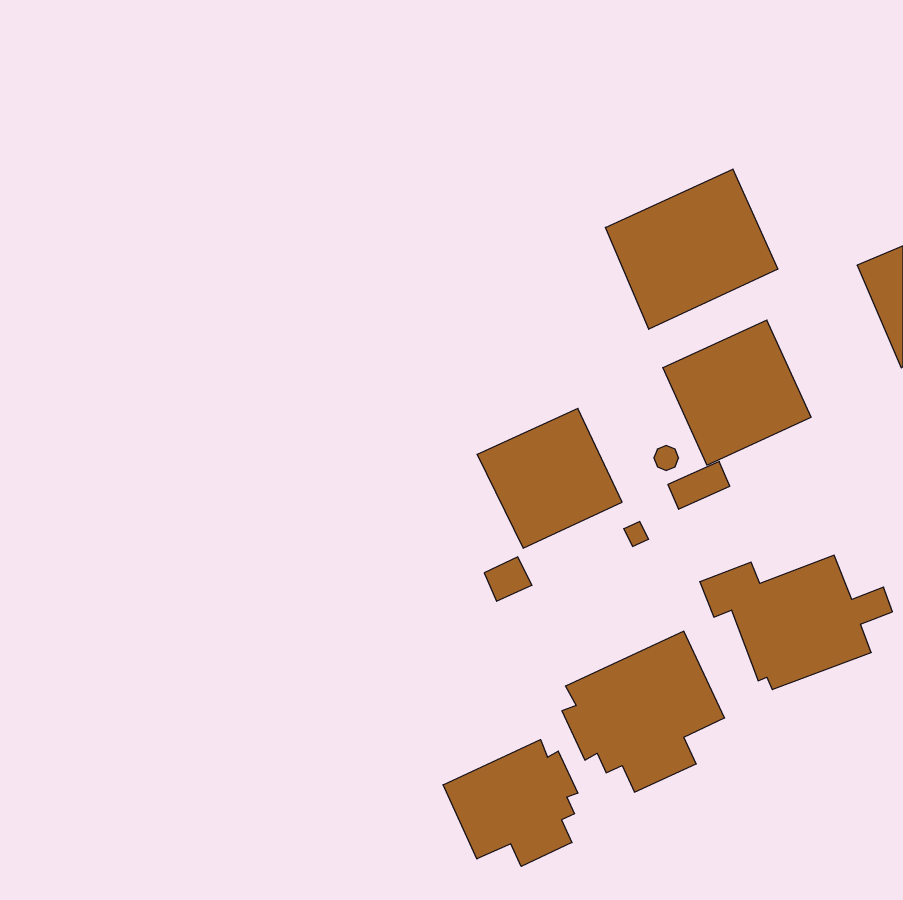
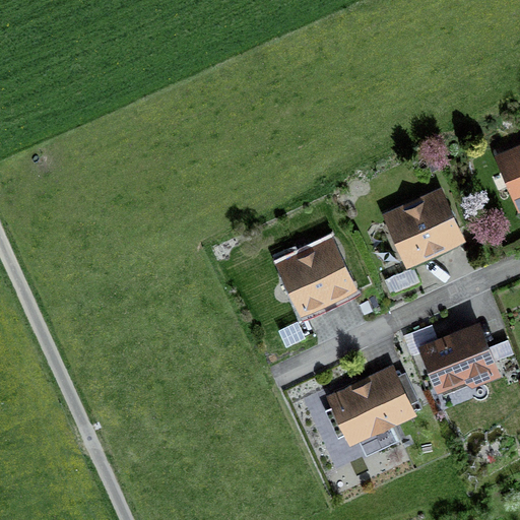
building: [605,169,778,329] -> none
building: [443,740,578,866] -> none

